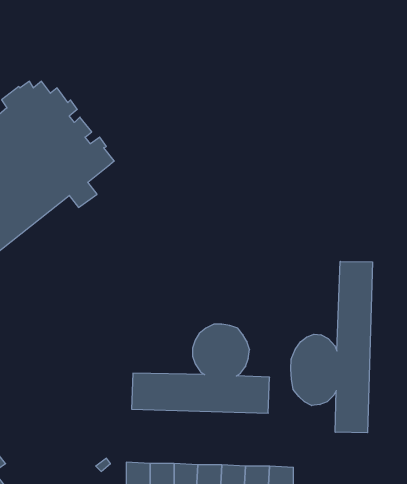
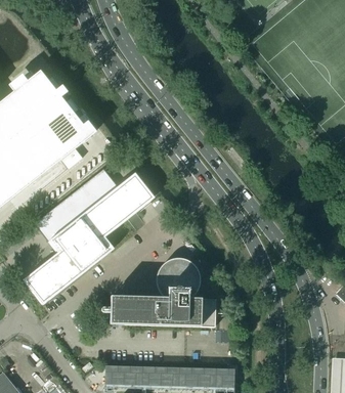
building: none -> [23,168,154,304]
building: [291,261,372,433] -> none

